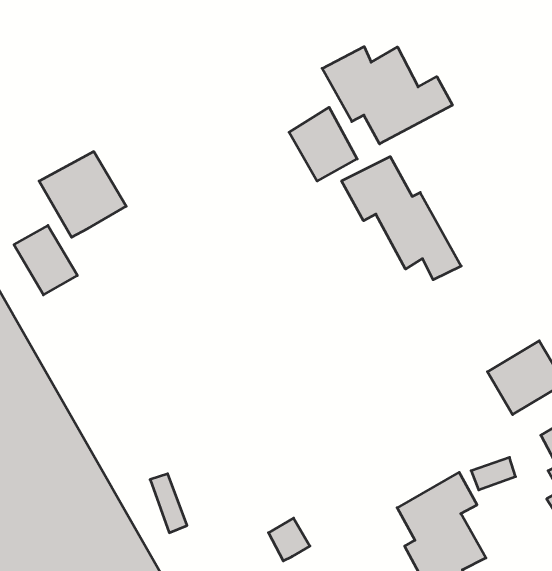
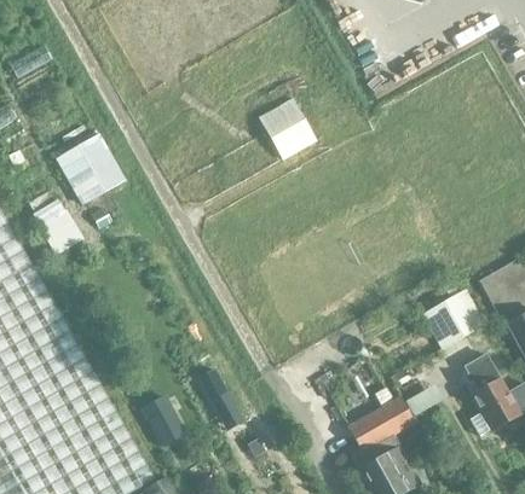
building: [322,47,452,144] -> none
building: [342,157,461,280] -> none

